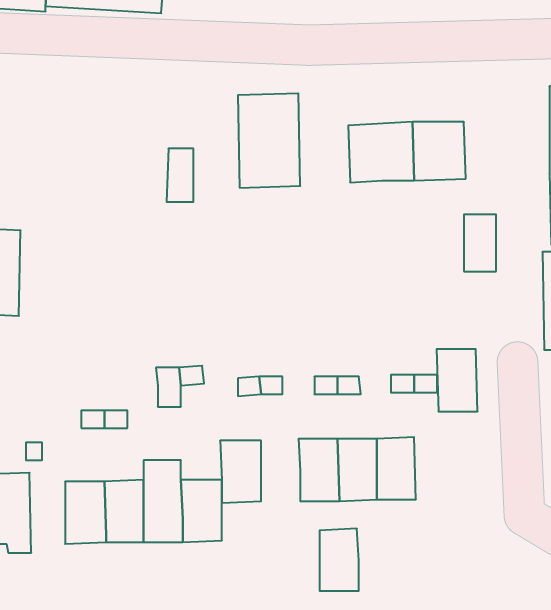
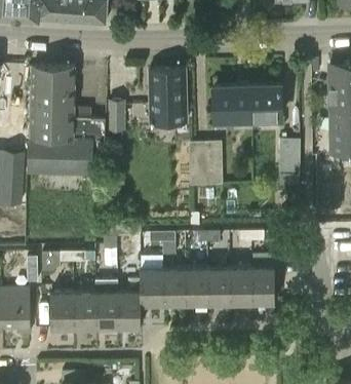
building: none -> [27,68,95,175]
building: none -> [188,144,221,185]
building: [437,349,478,411] -> [251,268,275,304]
building: [320,529,359,591] -> [163,269,186,305]

